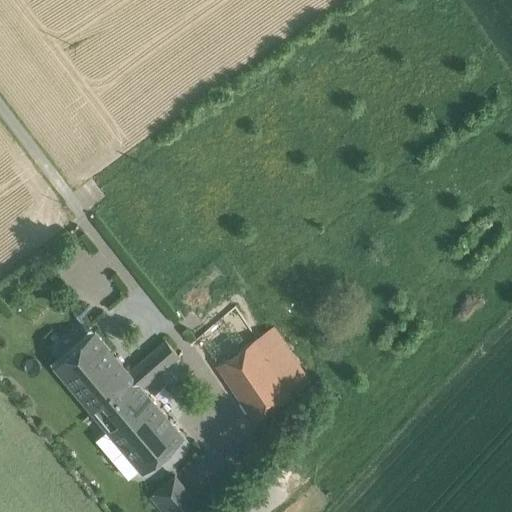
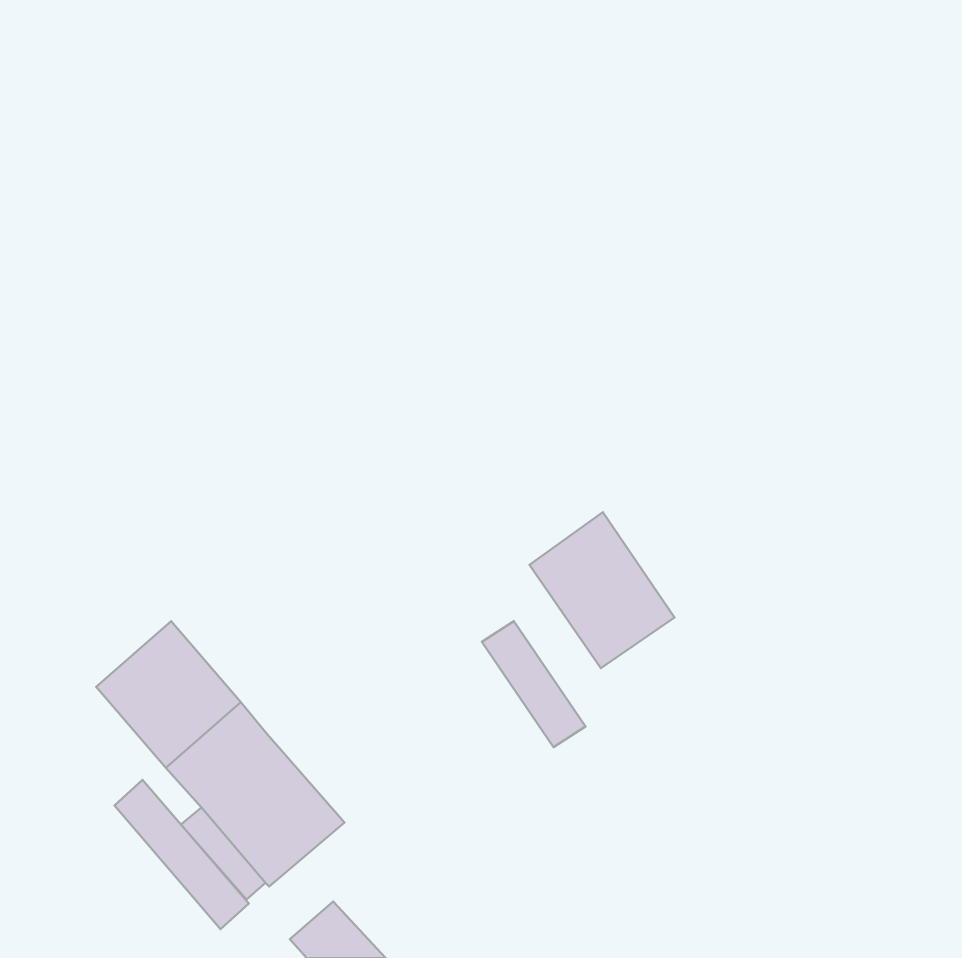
building: [217,341,294,424] -> [529,512,674,668]
building: [128,342,178,390] -> none
building: none -> [114,780,249,929]

